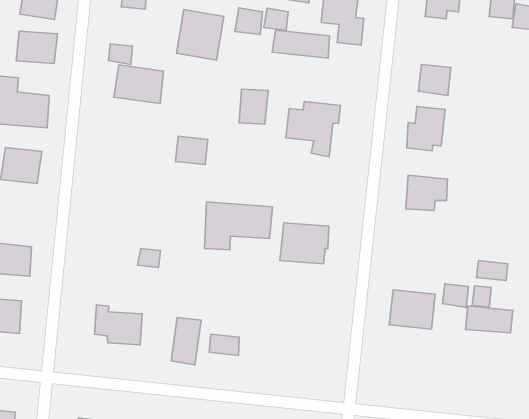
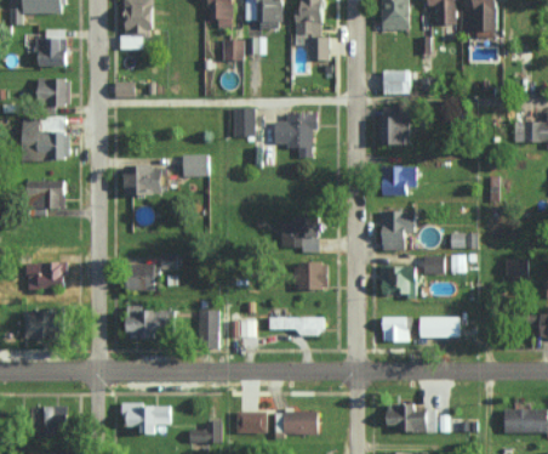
building: [177,10,224,60] -> none
building: [272,30,330,58] -> none
building: [114,65,164,103] -> [124,165,164,194]
building: [204,202,273,250] -> none
building: none -> [381,210,416,250]
building: none -> [129,265,156,290]
building: none -> [293,261,326,289]
building: [465,306,513,333] -> [421,317,459,337]
building: none -> [268,317,322,335]
building: none -> [382,317,409,341]

